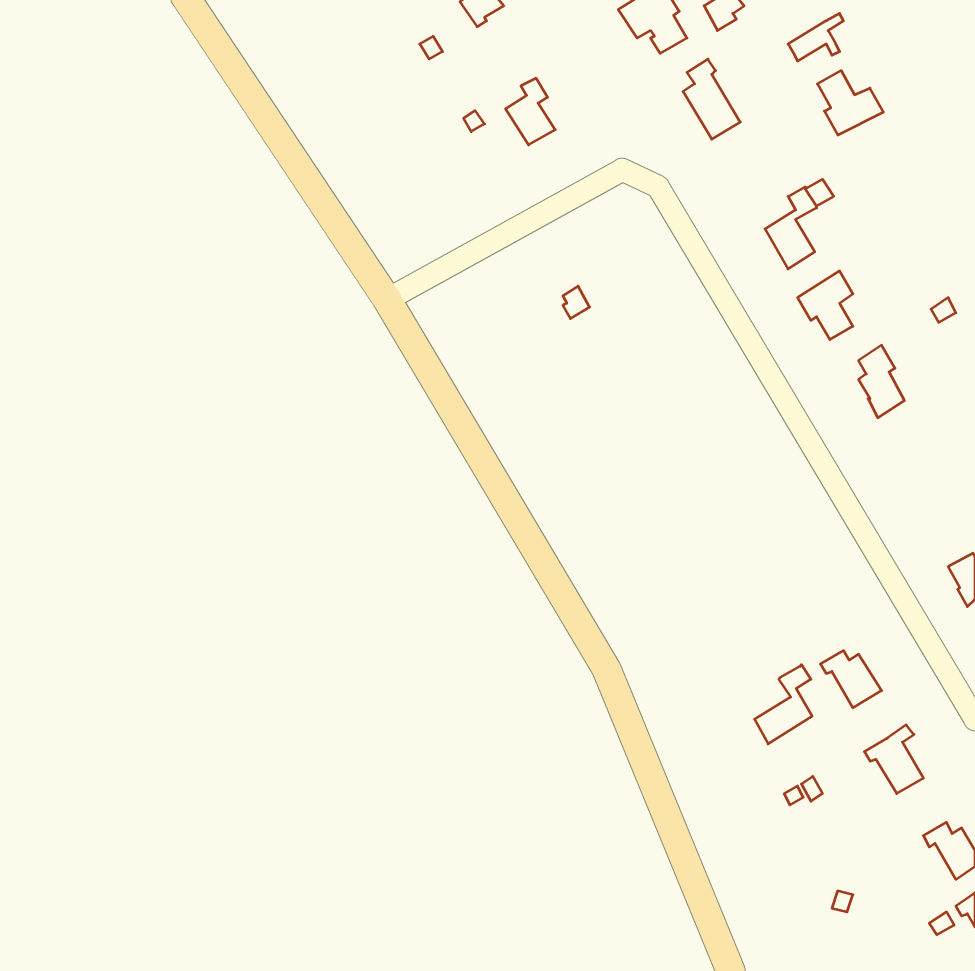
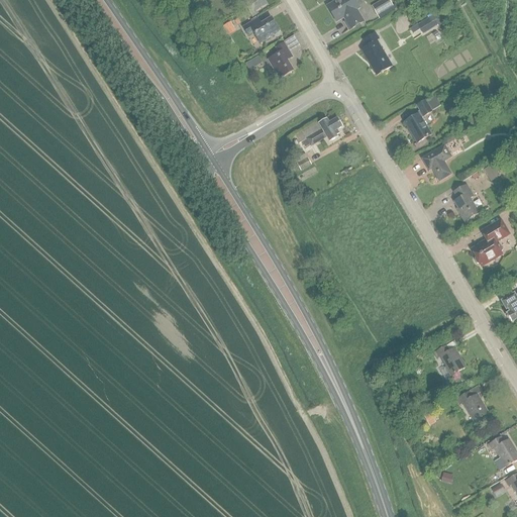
building: none -> [243,16,280,41]
building: [817,71,883,135] -> none
building: none -> [294,117,342,147]
building: none -> [472,219,509,265]
building: [755,665,812,744] -> none

